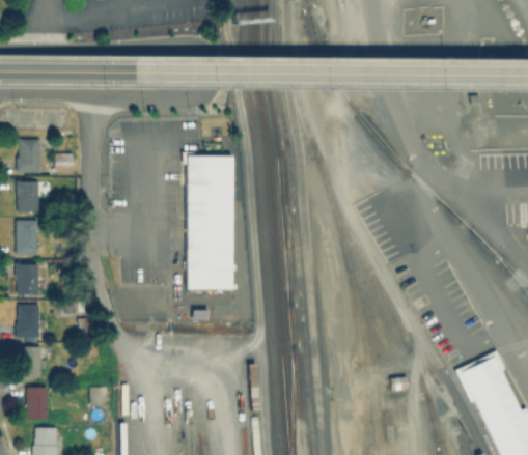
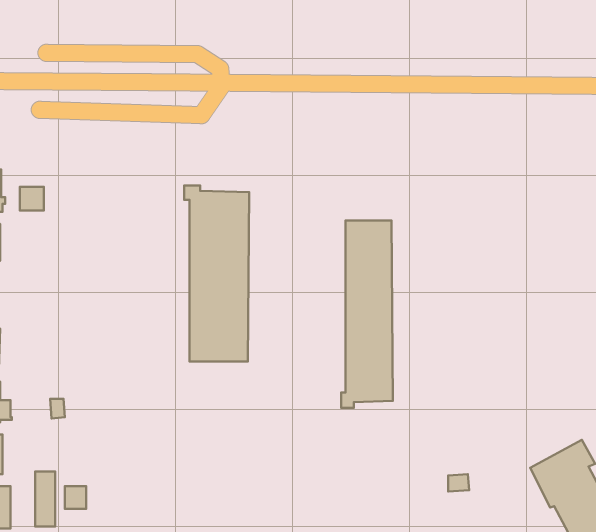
building: none -> [341,220,393,408]
building: none -> [35,472,55,526]

